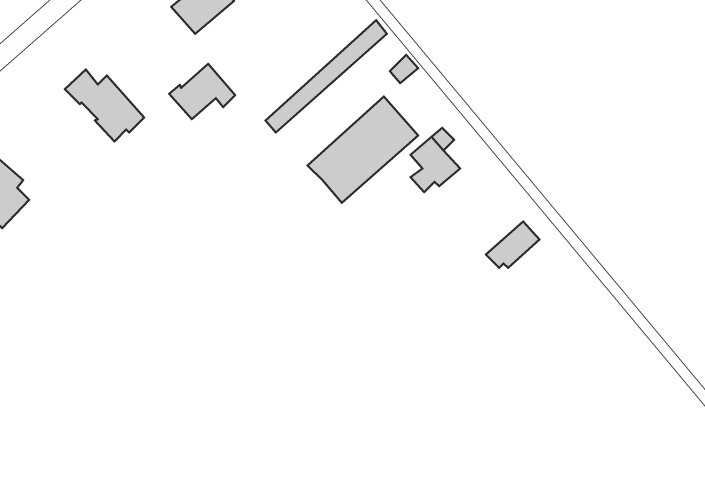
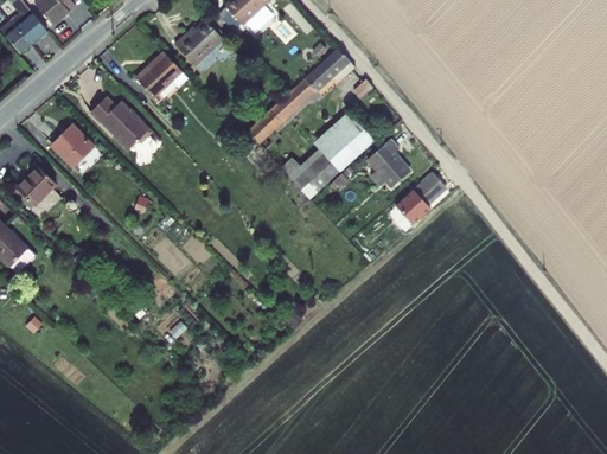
building: [169,64,235,119] -> [134,52,186,96]
building: none -> [53,123,94,164]
building: [486,222,540,268] -> [401,173,443,210]

